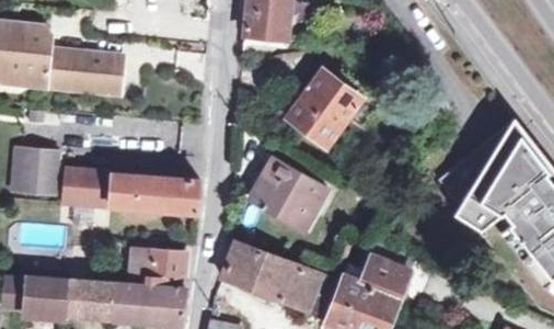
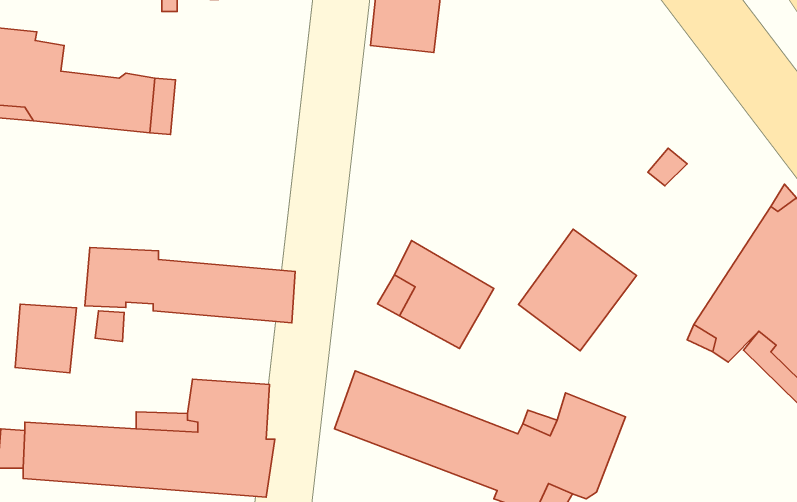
building: [288,69,363,147] -> [519,229,637,351]
building: [26,150,66,194] -> [15,304,77,373]

